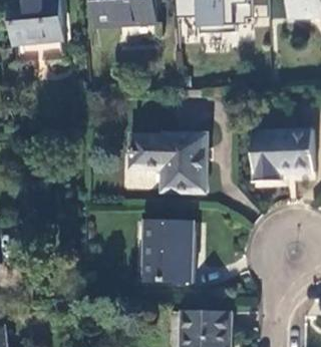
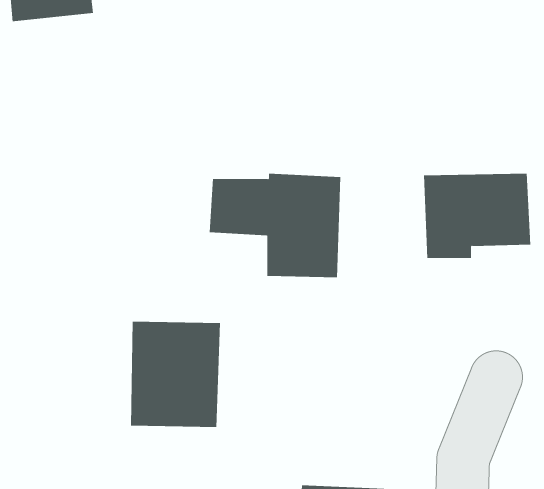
building: [142,223,195,284] -> [130,321,221,427]

